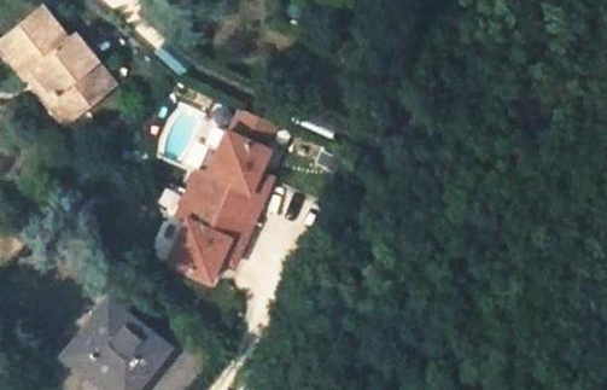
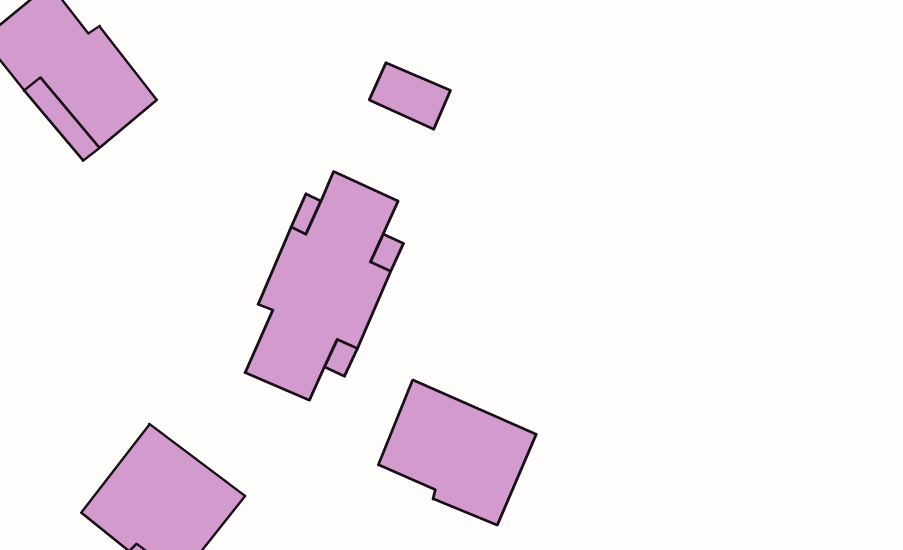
building: [227,107,280,151] -> [369,63,450,129]
building: none -> [378,380,536,525]

